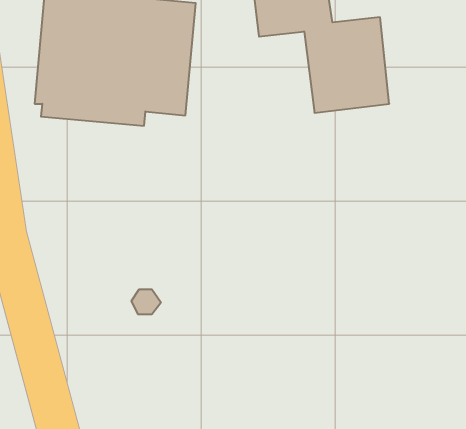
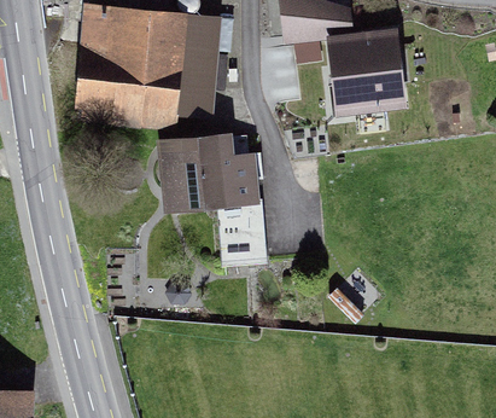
building: none -> [154,132,267,268]

